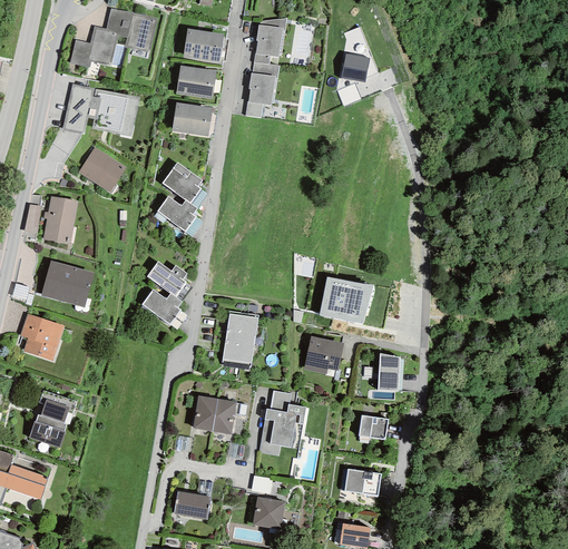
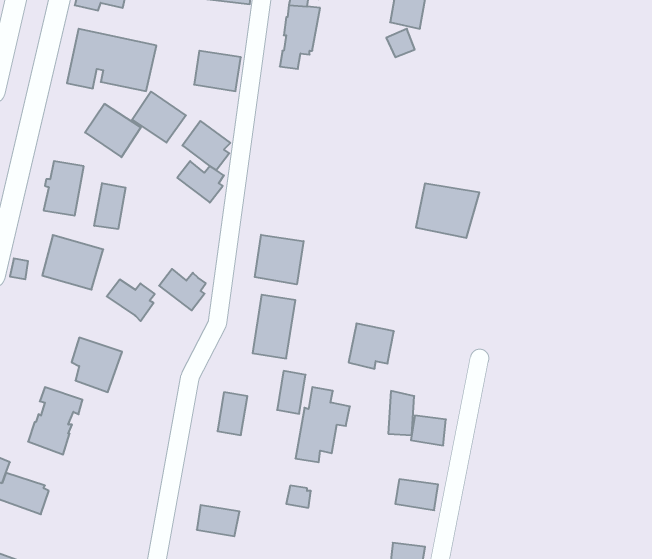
building: [176,65,216,99] -> none
building: none -> [132,92,186,143]
building: none -> [94,183,126,229]
building: none -> [255,235,304,284]
building: [146,261,187,296] -> [107,280,155,321]
building: [319,276,373,323] -> [416,183,479,238]
building: [20,313,63,360] -> [72,338,122,392]
building: [378,352,400,390] -> [388,391,414,435]
building: [212,398,236,434] -> [277,371,306,414]
building: [253,496,285,528] -> none

